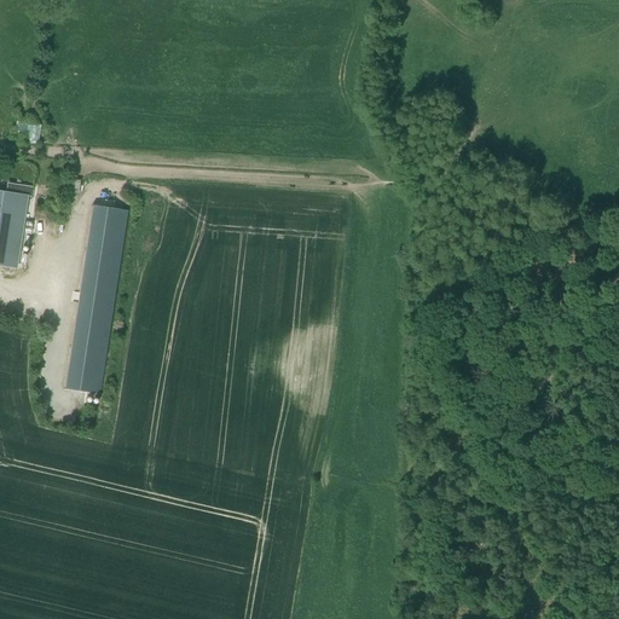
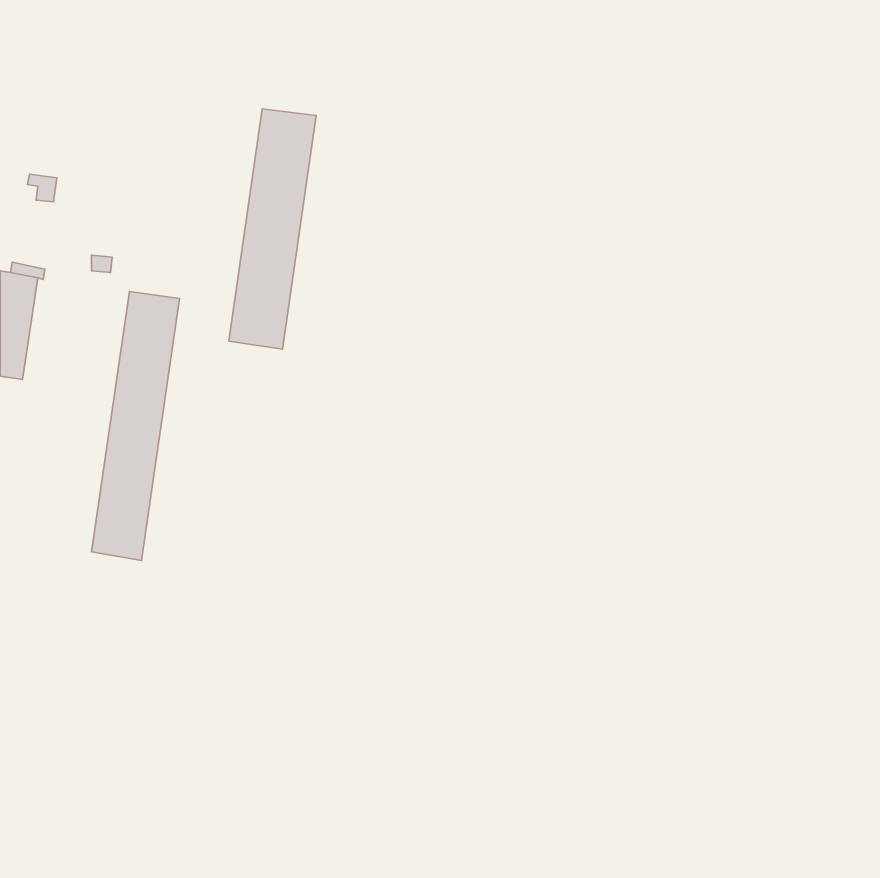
building: none -> [229,109,316,349]

